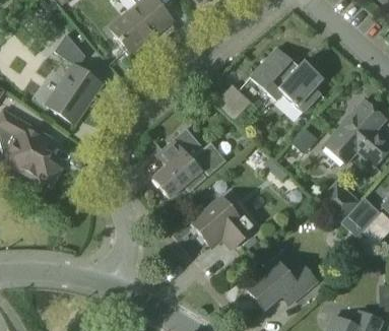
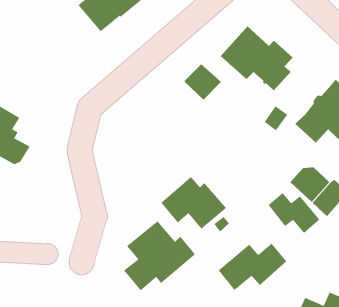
building: [46,34,103,124] -> none
building: [152,128,224,198] -> [123,220,196,291]
building: none -> [268,192,320,234]

